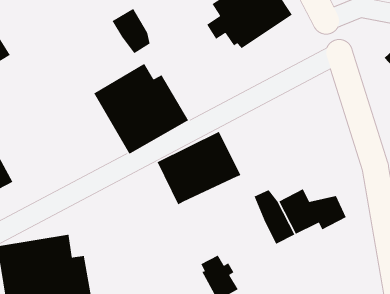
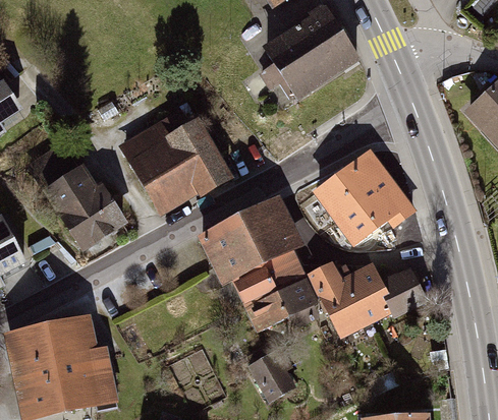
building: [112,8,151,54] -> none
building: none -> [31,148,128,259]
building: none -> [314,148,411,242]
building: none -> [229,250,324,333]

